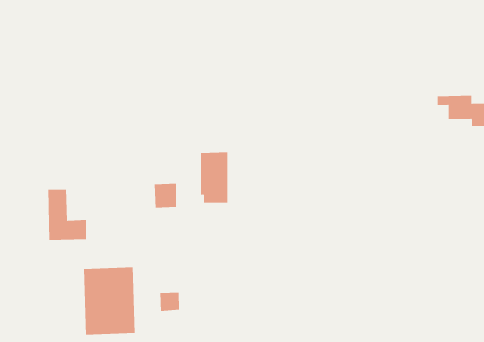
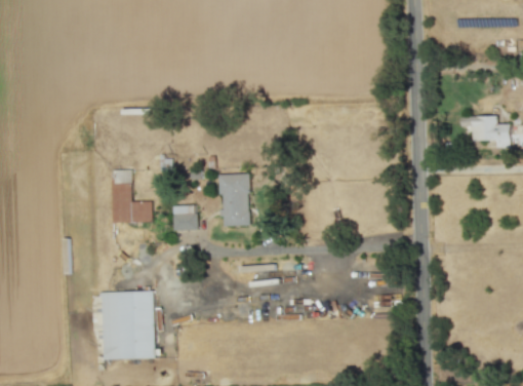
building: [48,189,87,241] -> [112,170,152,223]
building: [160,292,180,312] -> none

